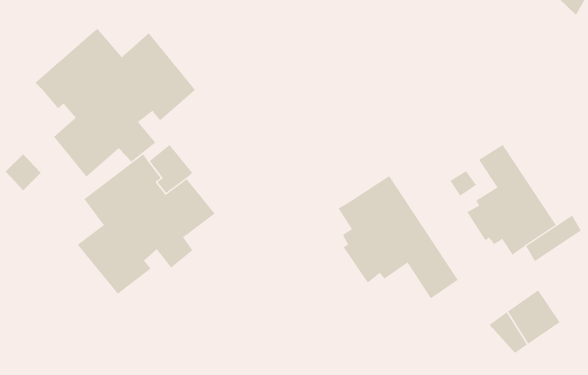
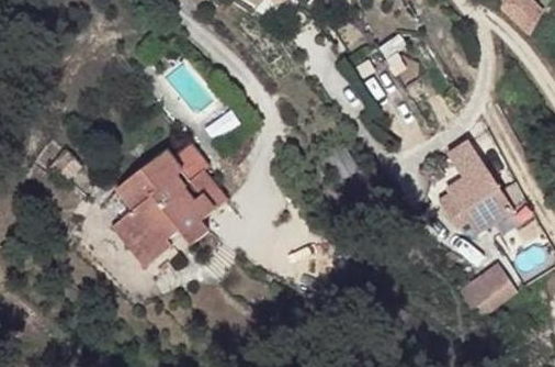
building: [34,28,196,178] -> none
building: [338,175,458,299] -> none

